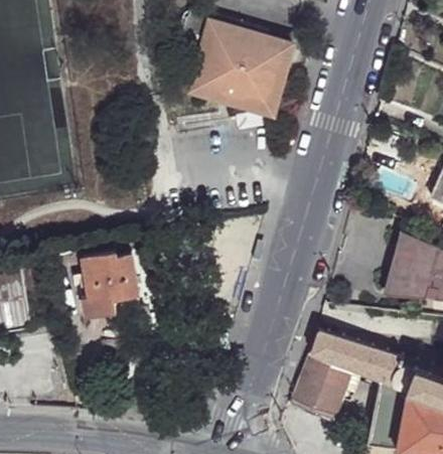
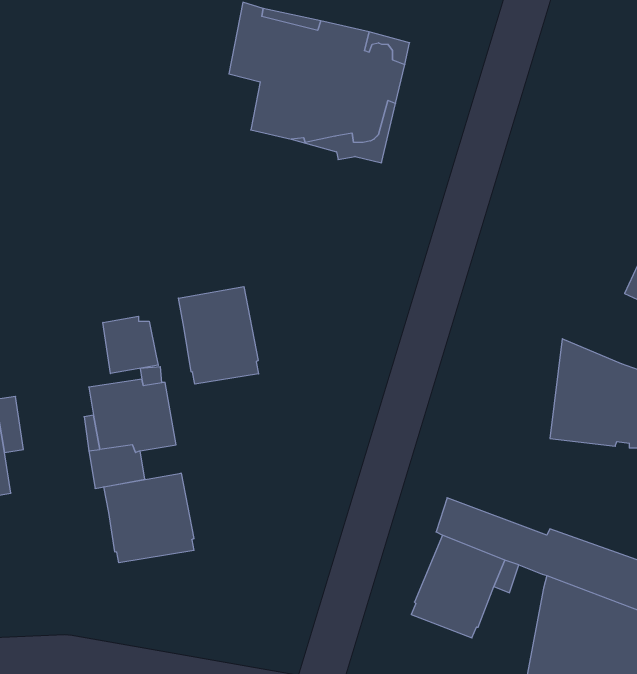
building: none -> [178,287,259,384]
building: none -> [103,316,158,374]
building: none -> [104,473,194,563]

